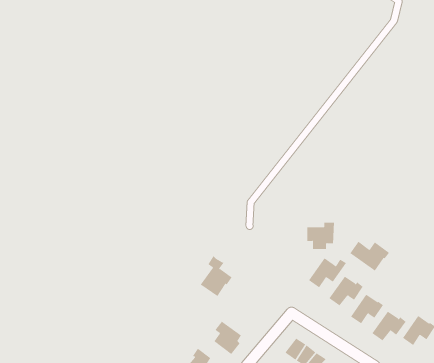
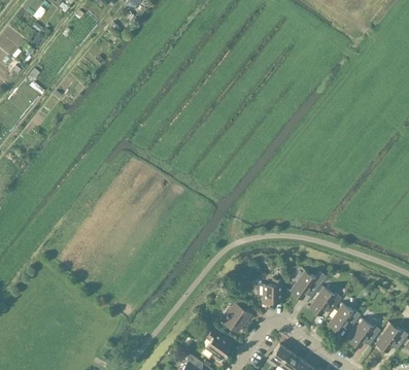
building: [307,222,335,249] -> [257,279,282,304]
building: [350,241,390,271] -> none
building: [200,255,232,297] -> [220,294,250,332]

